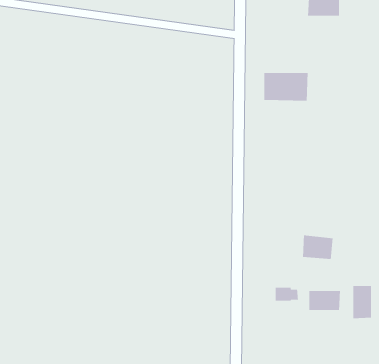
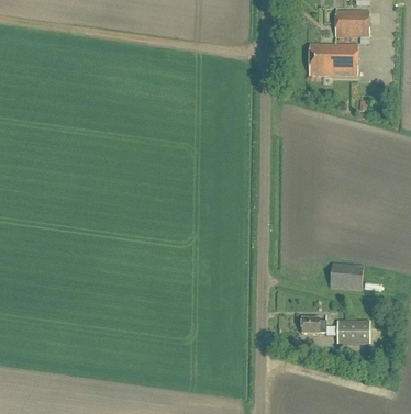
building: [264,72,309,102] -> [310,44,357,75]
building: [353,285,372,319] -> none

